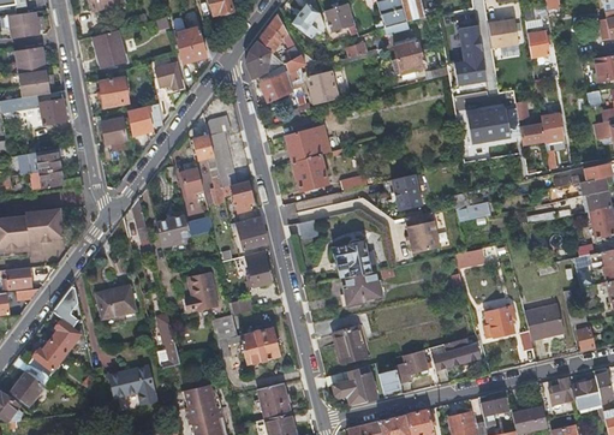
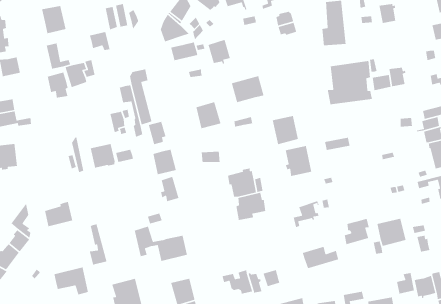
building: [284,126,327,162] -> [231,75,264,103]
building: [184,273,216,311] -> none
building: [333,328,366,364] -> none
building: [395,350,430,386] -> [293,200,320,228]

